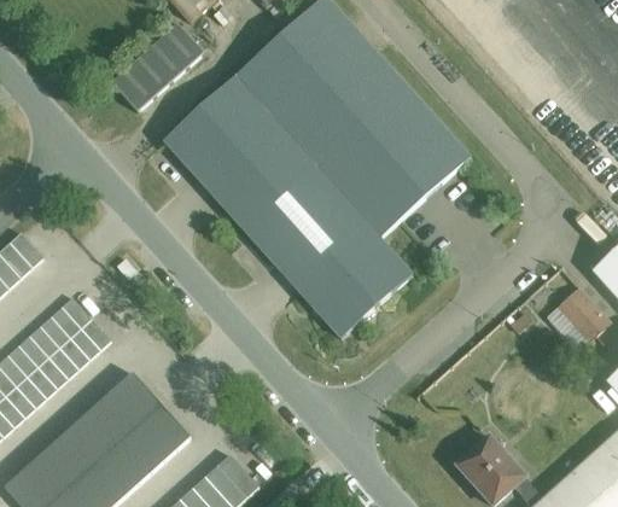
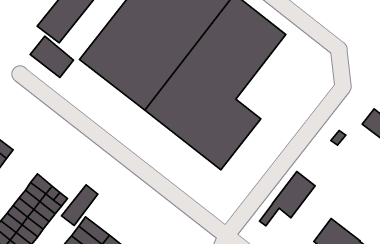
building: none -> [30,36,74,78]
building: none -> [62,185,98,225]
building: none -> [260,172,315,226]

